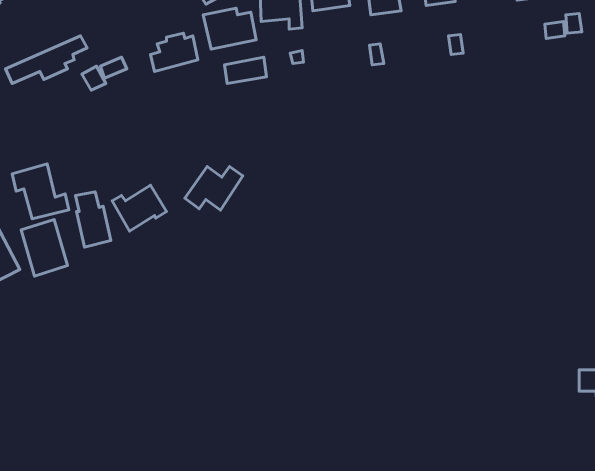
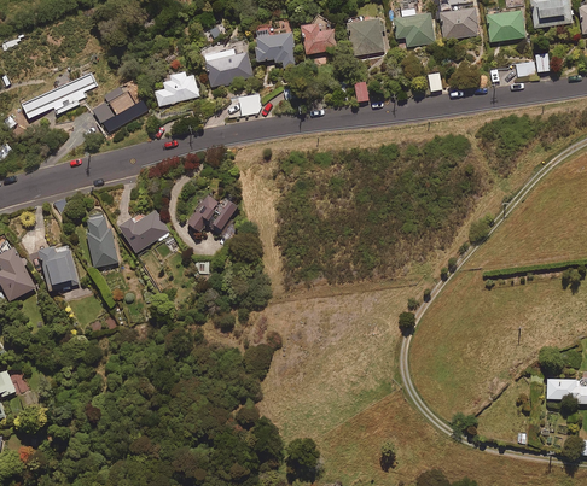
building: [12,164,69,219] -> none

